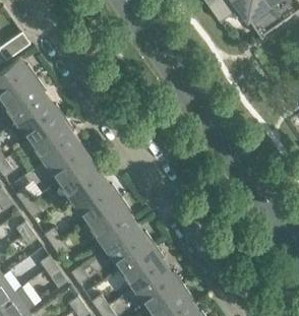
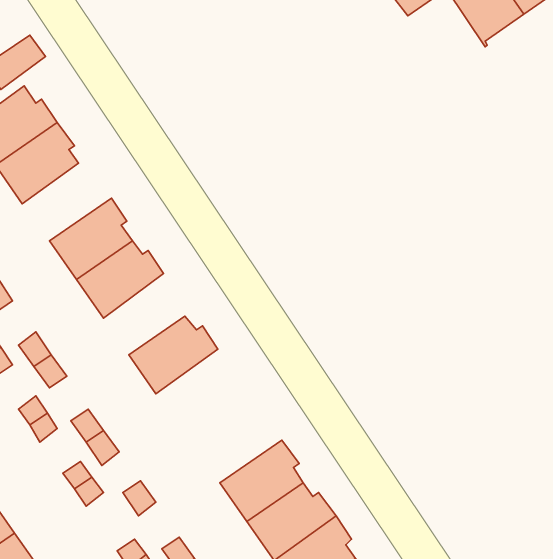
building: [17,100,64,140] -> none
building: [60,157,103,200] -> none
building: [87,197,132,241] -> none
building: [107,227,154,267] -> none

